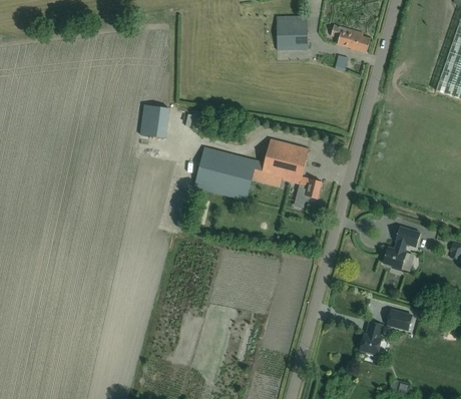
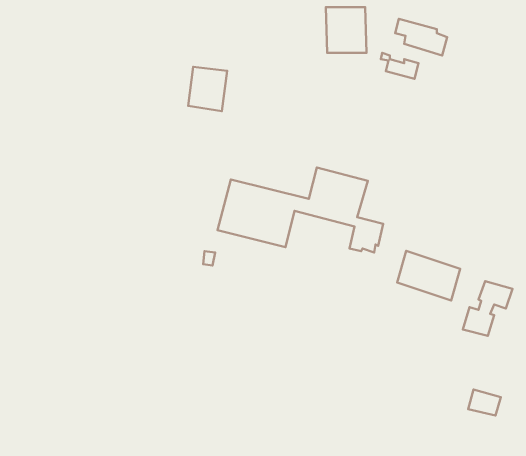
building: [140,105,170,139] -> [188,67,227,111]
building: none -> [397,251,460,301]
building: [360,322,383,357] -> none

